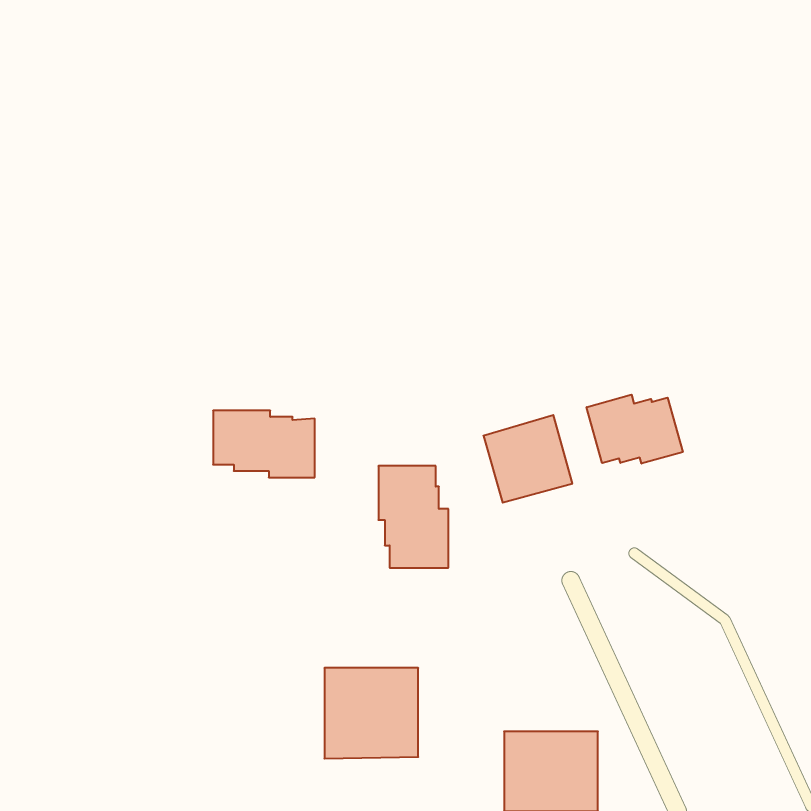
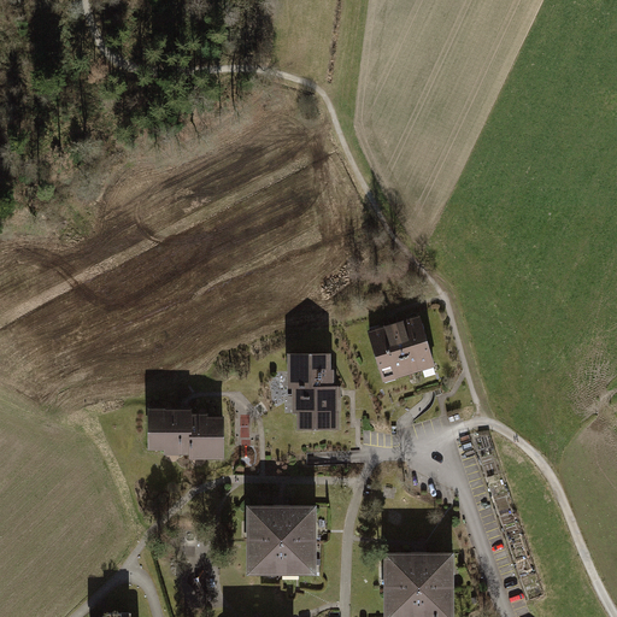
building: [587,395,683,464] -> none
building: [213,411,315,477] -> [147,409,224,459]

